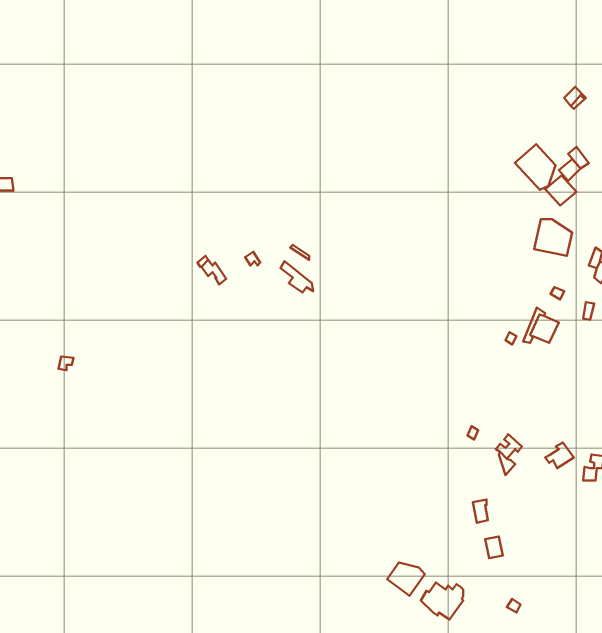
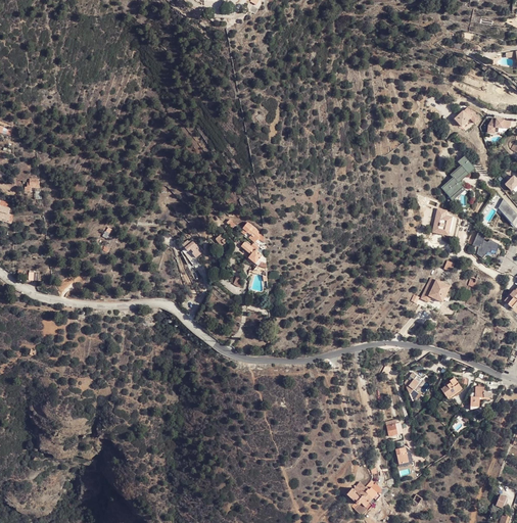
building: [515,144,556,190] -> none
building: [387,562,425,596] -> none

